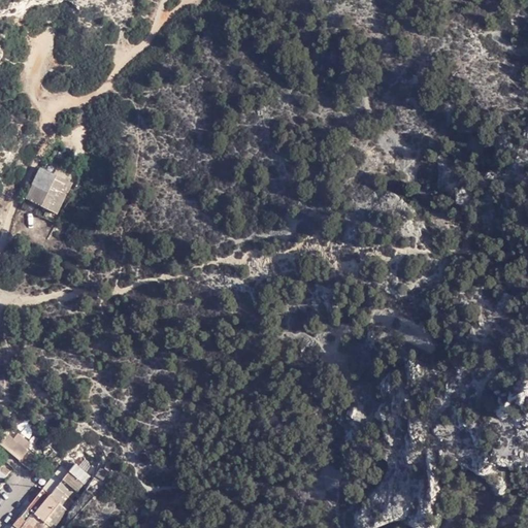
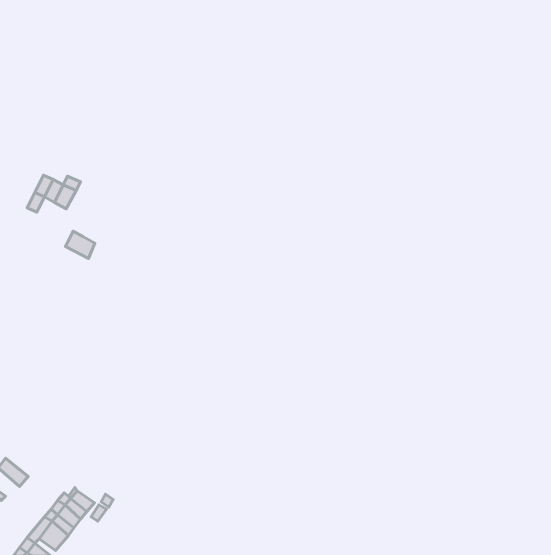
building: [35,188,63,213] -> [66,231,95,258]

